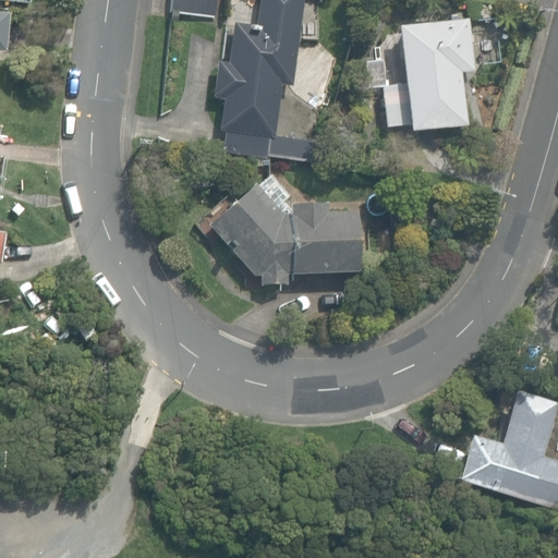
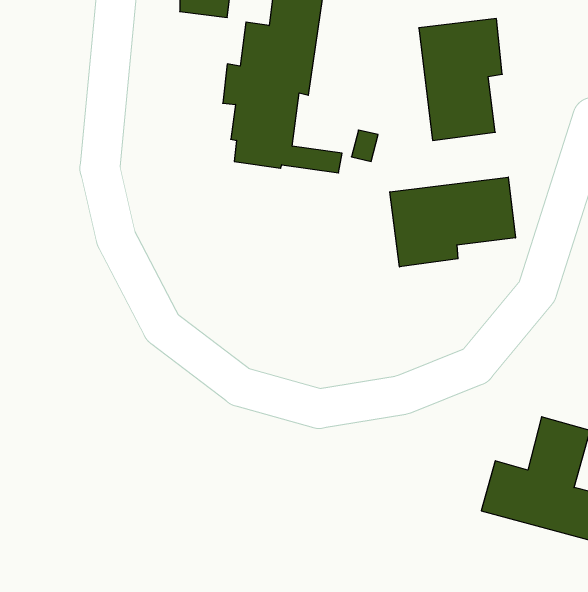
building: none -> [390,177,515,267]
building: [209,173,360,284] -> none

